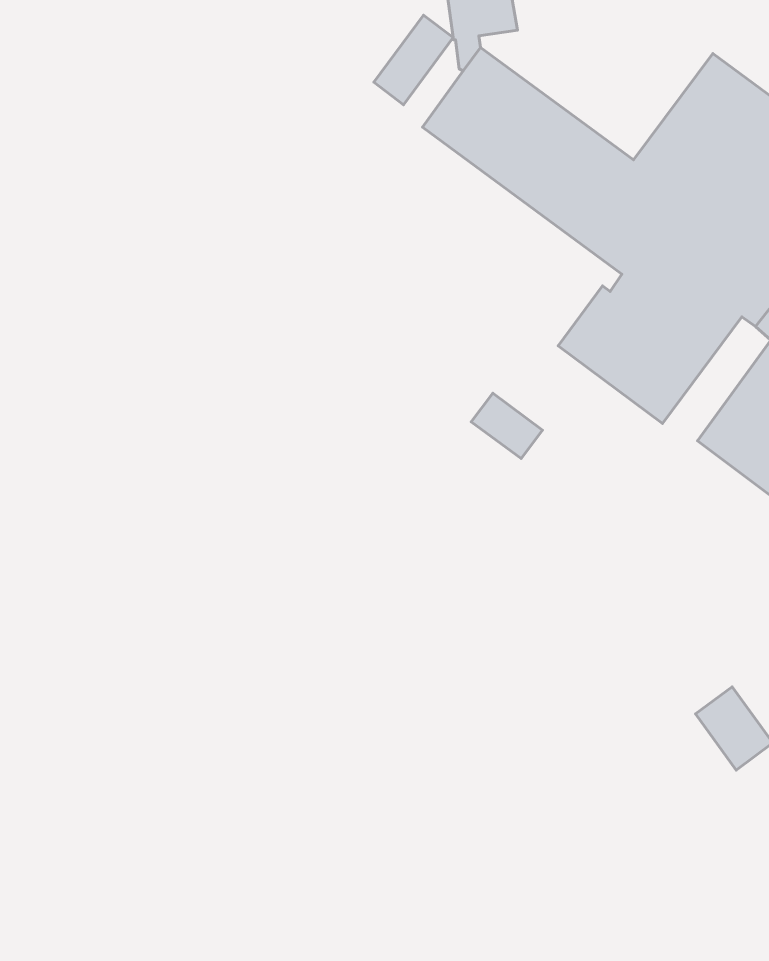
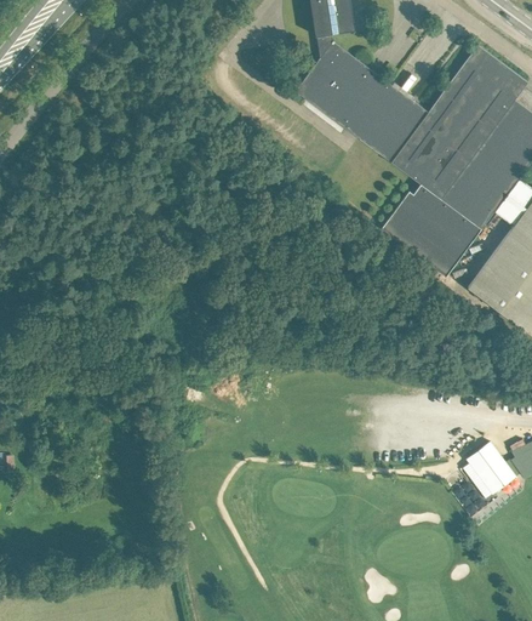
building: [374,15,453,105] -> none
building: [471,393,543,459] -> none

